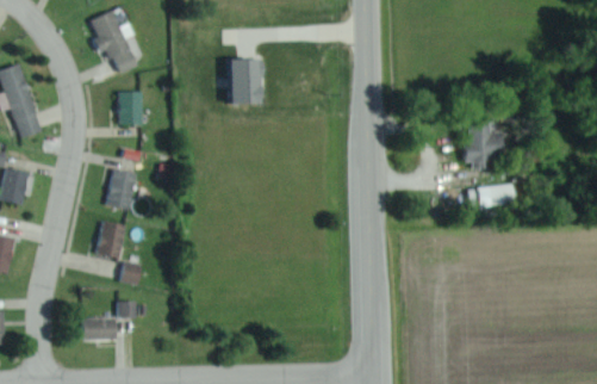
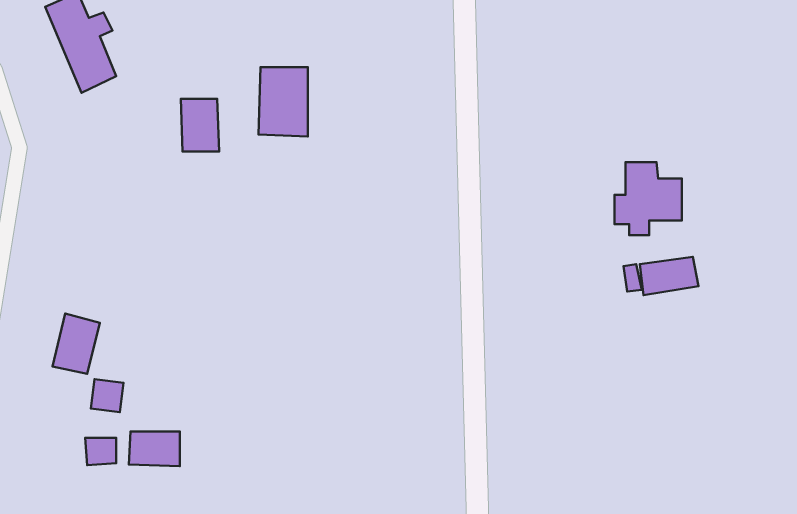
building: [118,91,143,125] -> [181,99,219,152]
building: [105,168,137,210] -> none
building: [83,317,117,340] -> [129,431,180,466]

